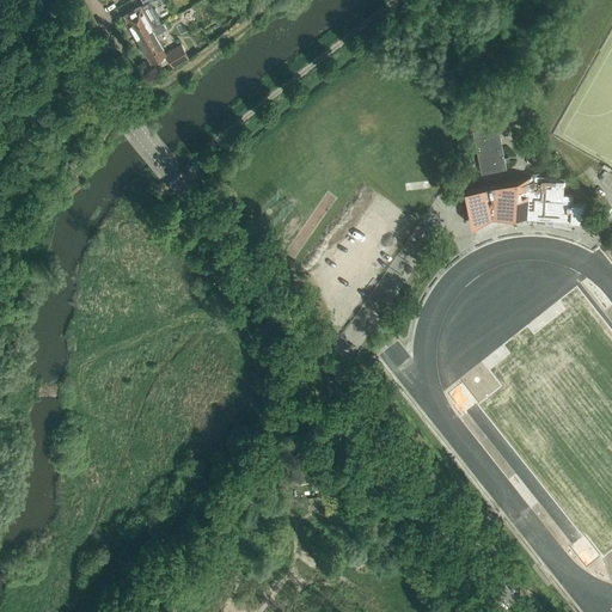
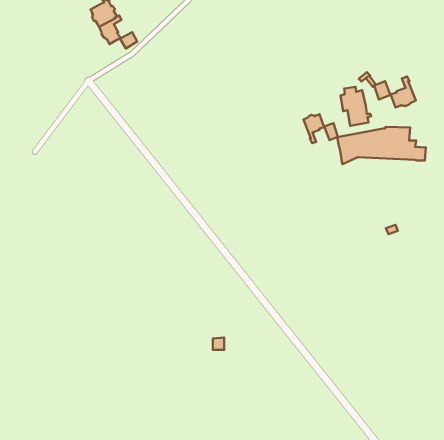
building: none -> [374,77,416,108]
building: none -> [303,114,338,143]

